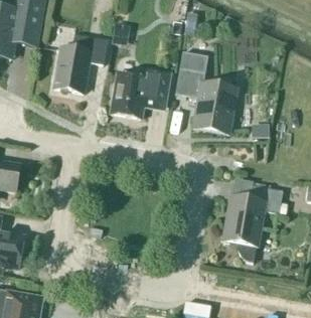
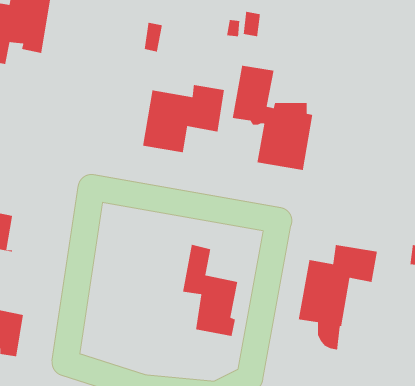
building: [53,34,108,94] -> none
building: none -> [182,244,238,337]

